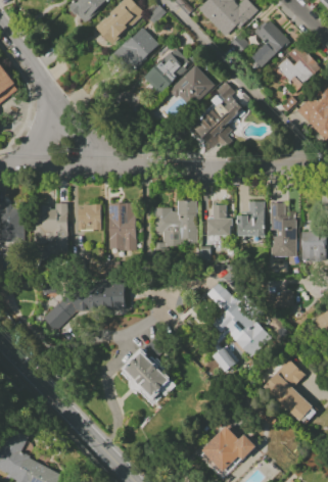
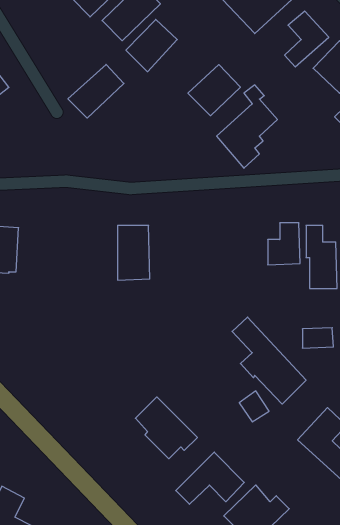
building: [143,47,191,93] -> [68,64,124,118]
building: [153,199,197,245] -> none
building: [34,202,67,251] -> none
building: [77,204,101,230] -> none
building: [206,204,231,235] -> none
building: [46,282,125,327] -> none
building: none -> [176,452,244,504]

